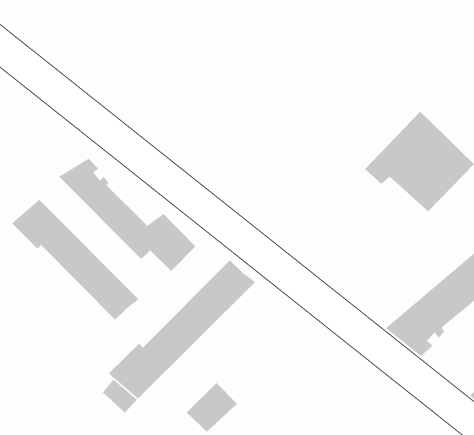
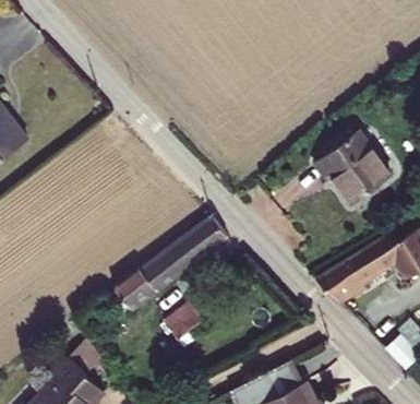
building: [58,158,196,272] -> none
building: [11,199,140,321] -> none

